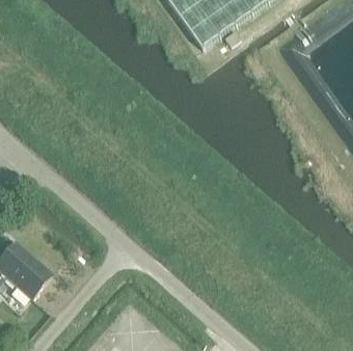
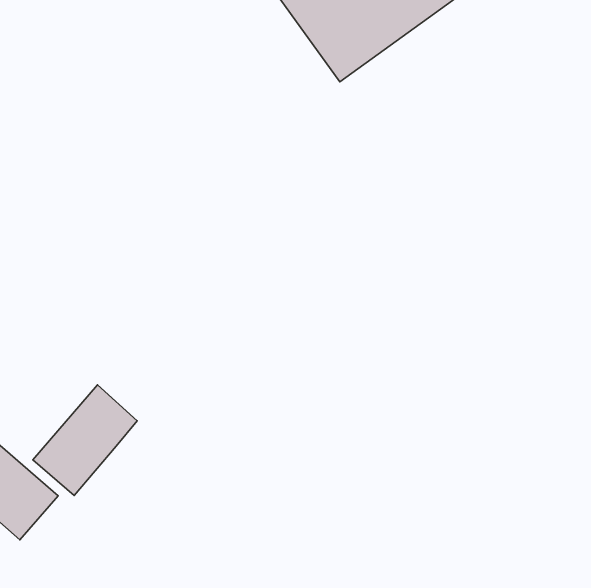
building: none -> [33,385,137,495]

